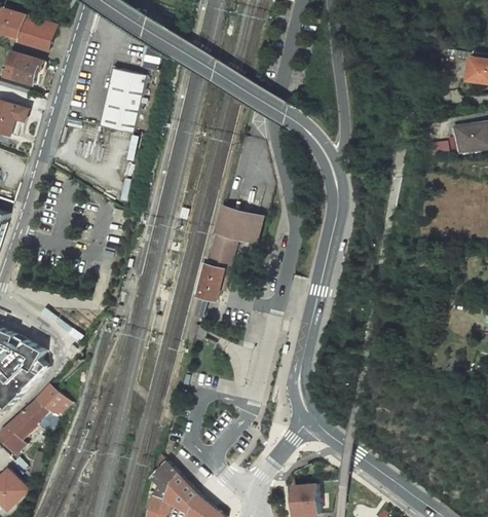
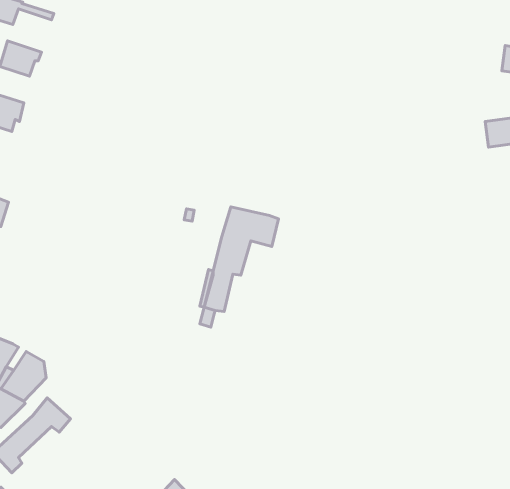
building: [16,23,52,51] -> none
building: [95,68,140,134] -> none

